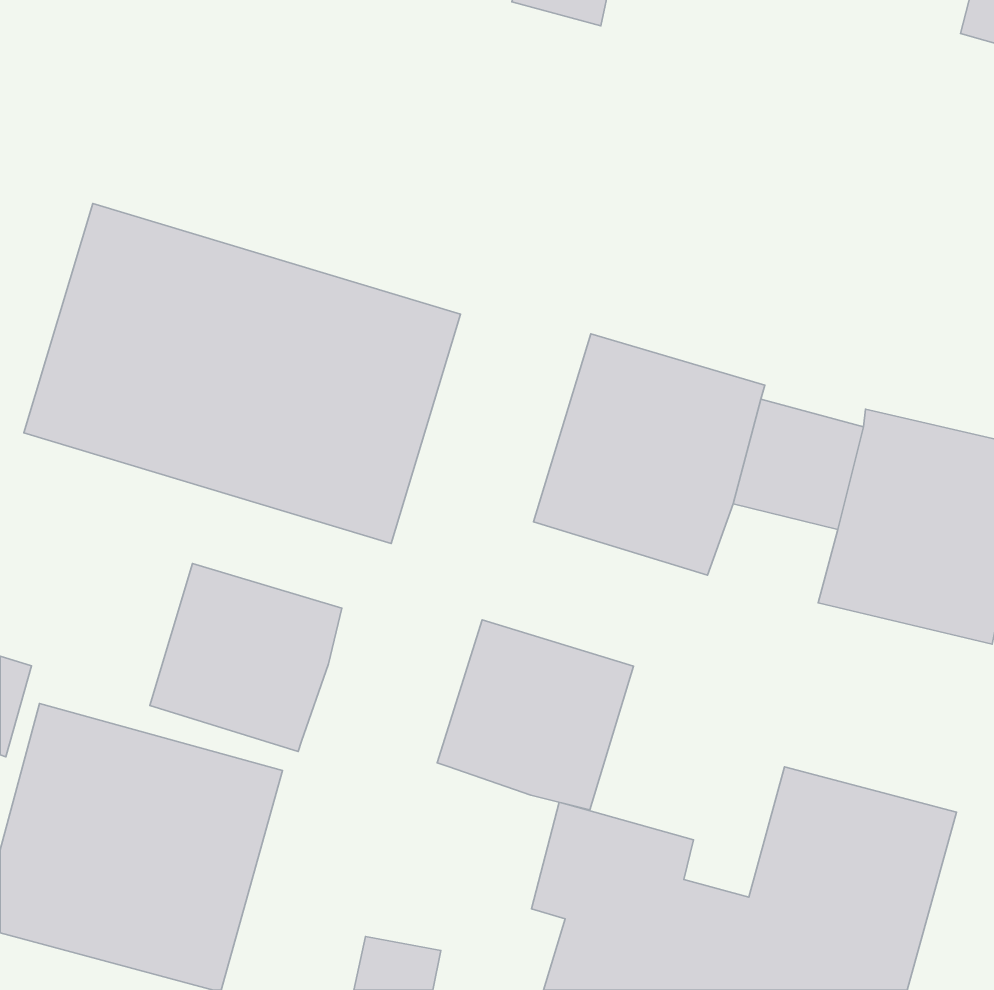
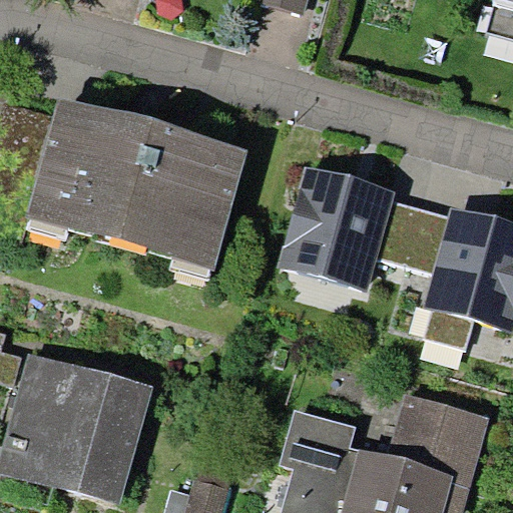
building: [150,563,342,751] -> none
building: [437,620,634,810] -> none

